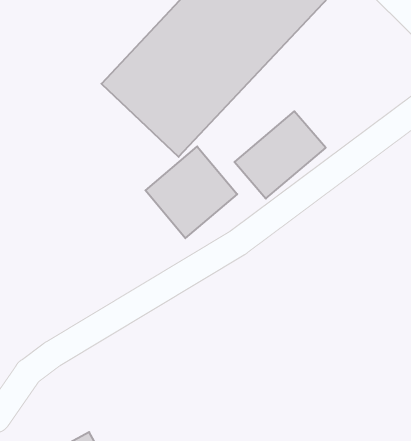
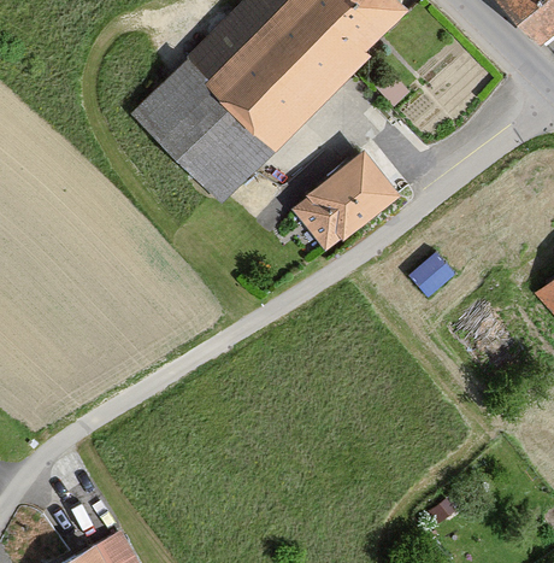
building: [145,146,237,238] -> none

